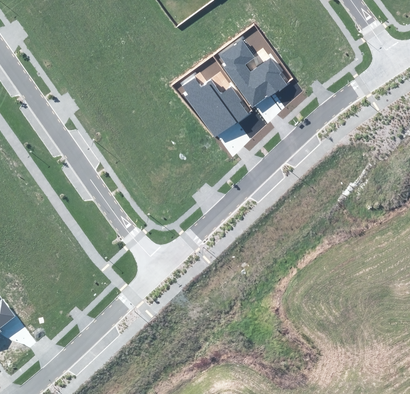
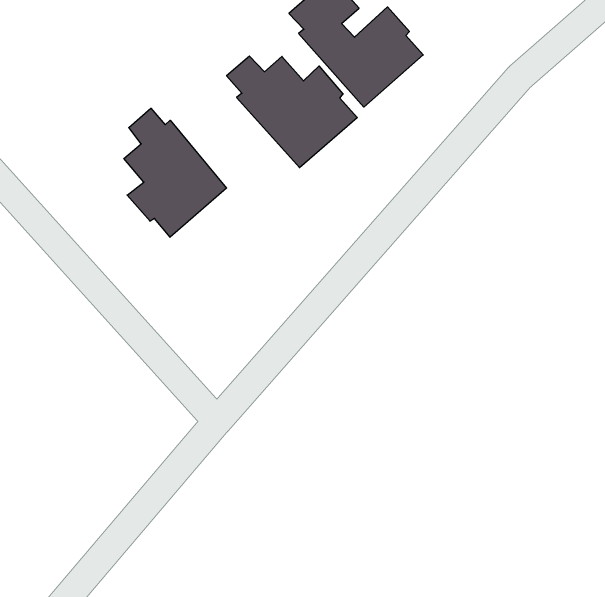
building: none -> [124,108,227,237]

